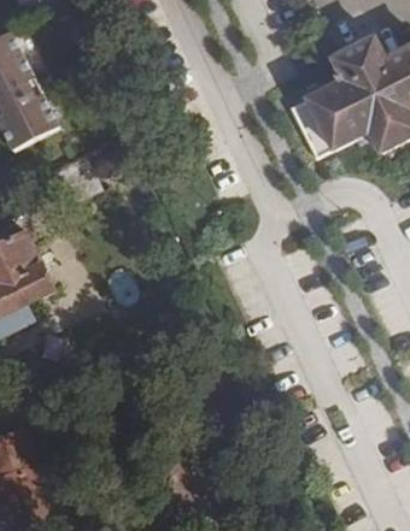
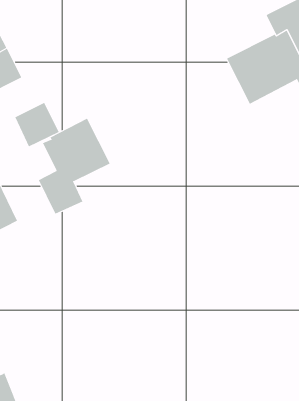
building: none -> [38,118,110,215]

